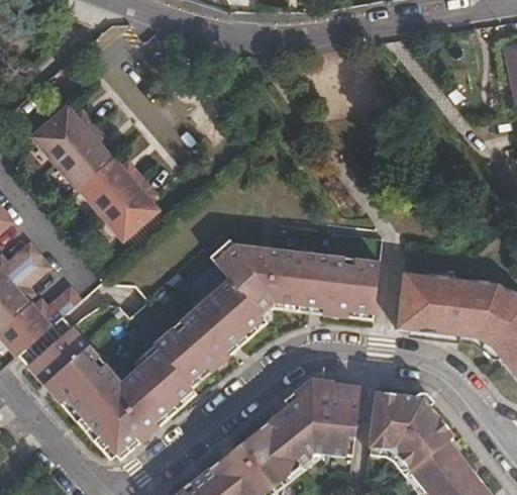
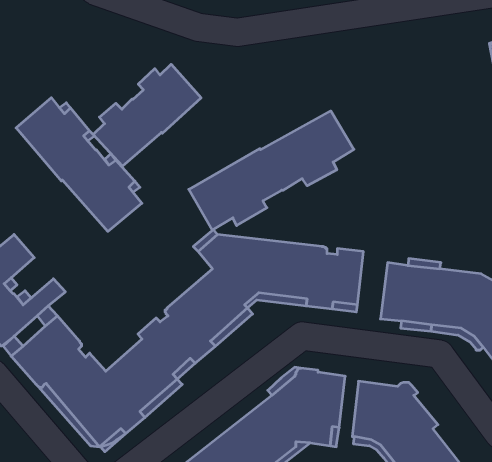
building: none -> [93,64,201,166]
building: none -> [189,111,354,230]

